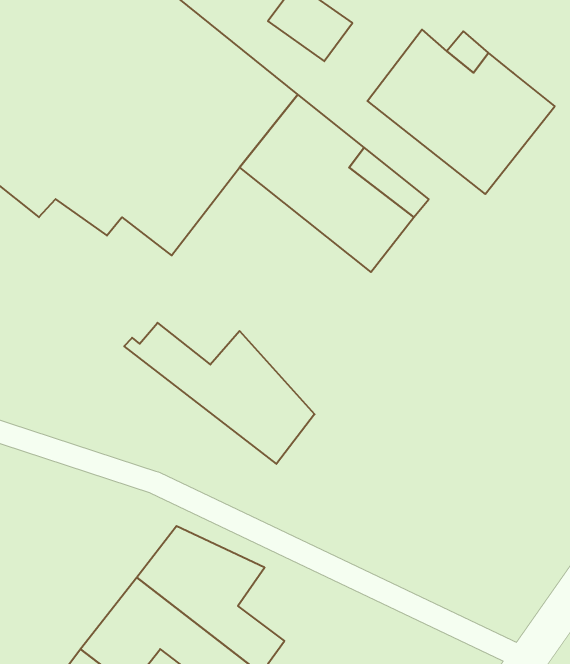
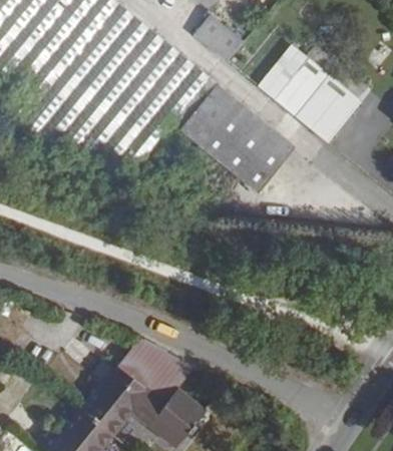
building: [124,323,315,464] -> none

